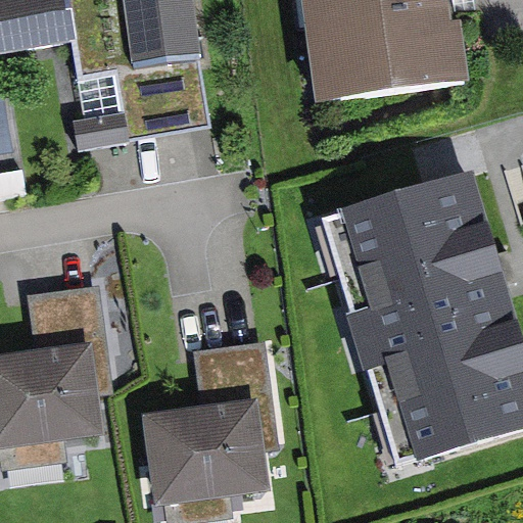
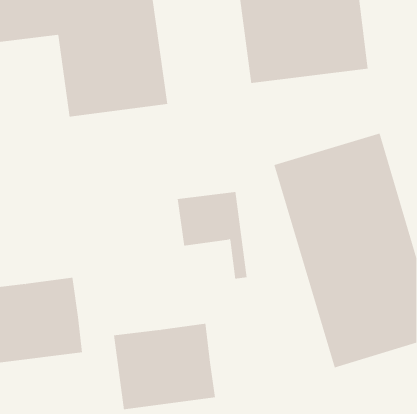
building: [25,286,112,395] -> none
building: [191,342,279,451] -> [177,191,247,279]

